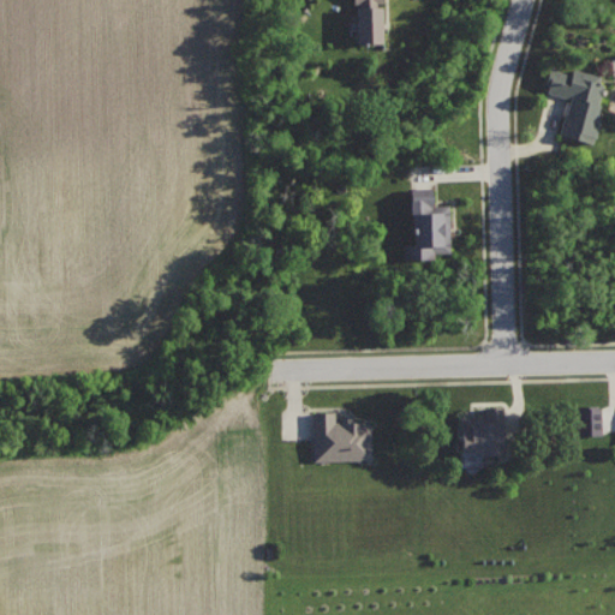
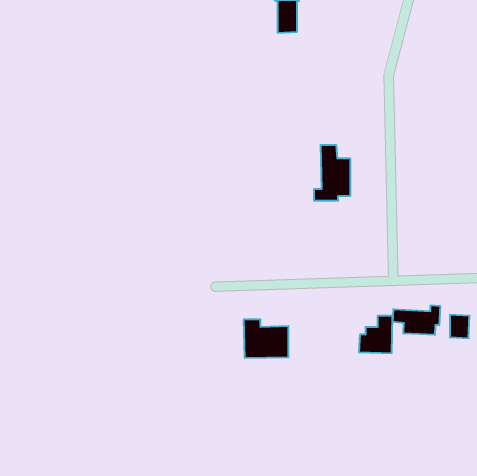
building: [547,70,605,145] -> none
building: none -> [393,305,440,335]

